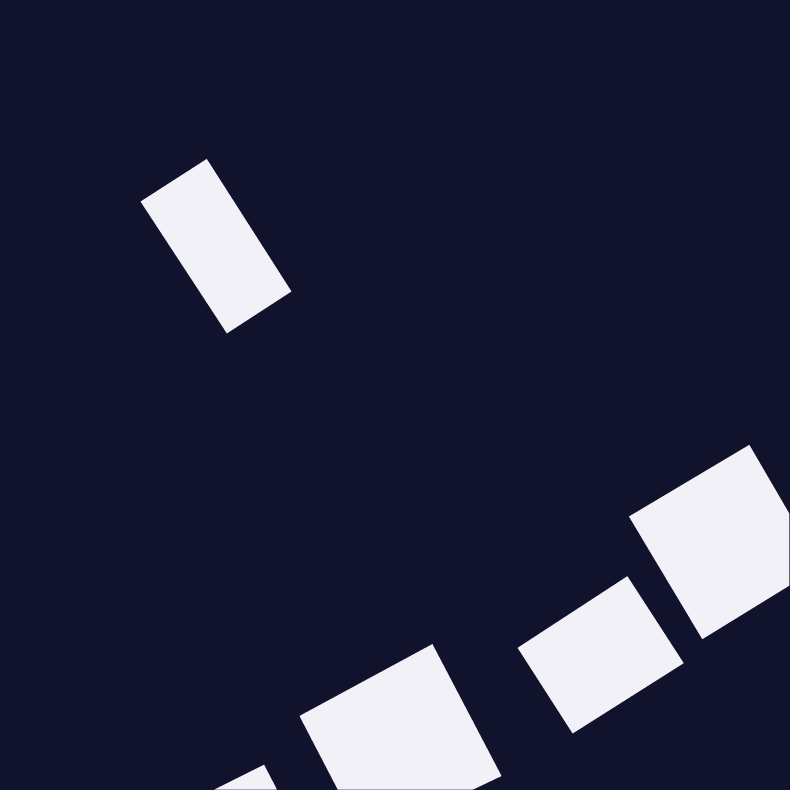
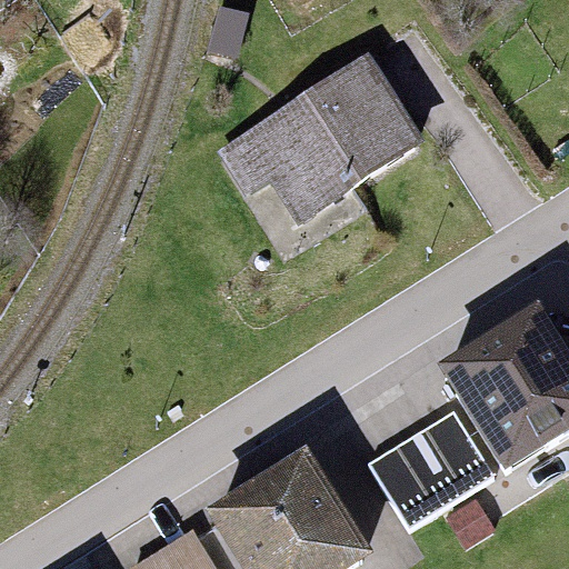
building: none -> [222,60,420,217]
building: [140,158,293,335] -> none

